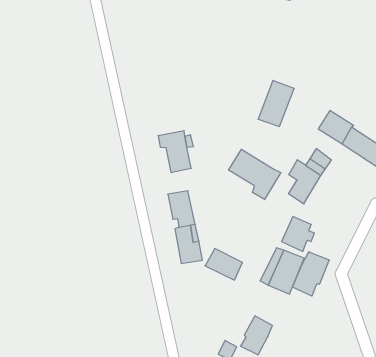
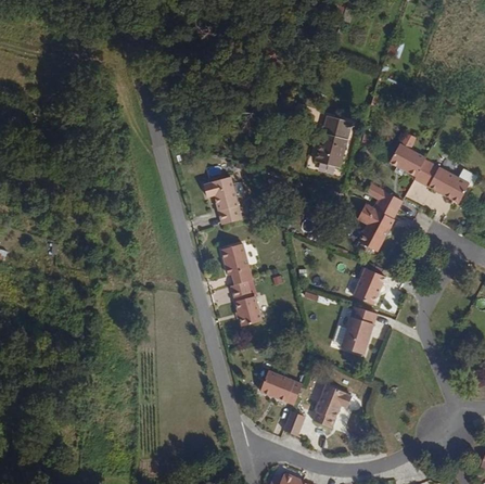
building: [228,149,281,200] -> none
building: [205,248,242,280] -> [257,370,299,405]
building: [292,252,329,296] -> none

